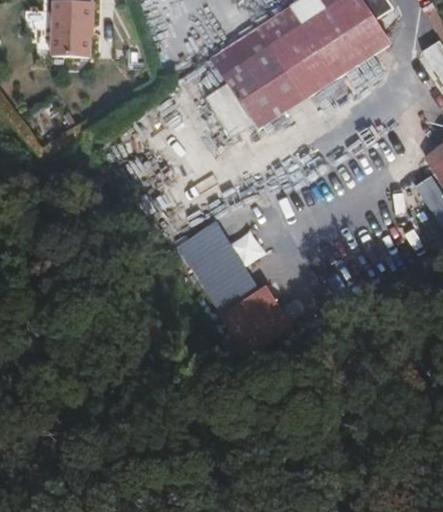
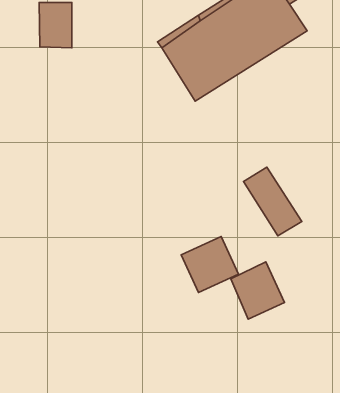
building: [181,229,251,311] -> [243,167,302,236]
building: none -> [231,262,284,319]

